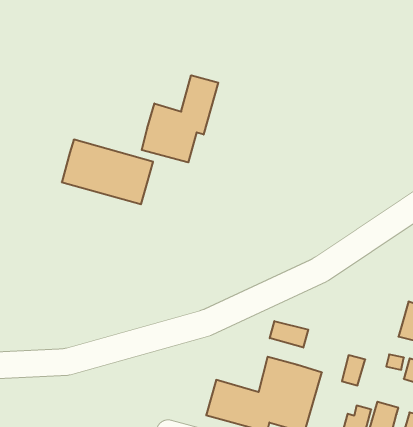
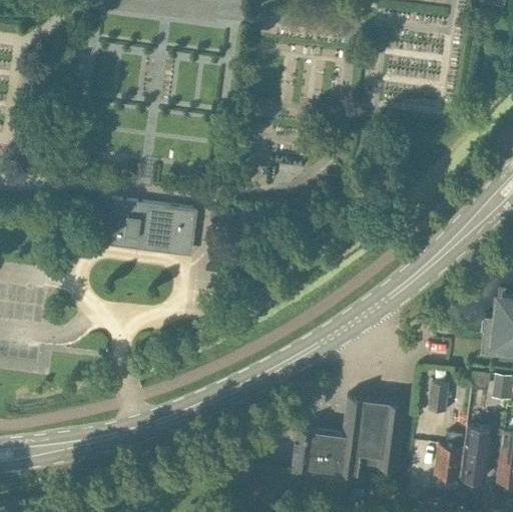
building: [142,75,218,162] -> none
building: [270,321,308,348] -> none

